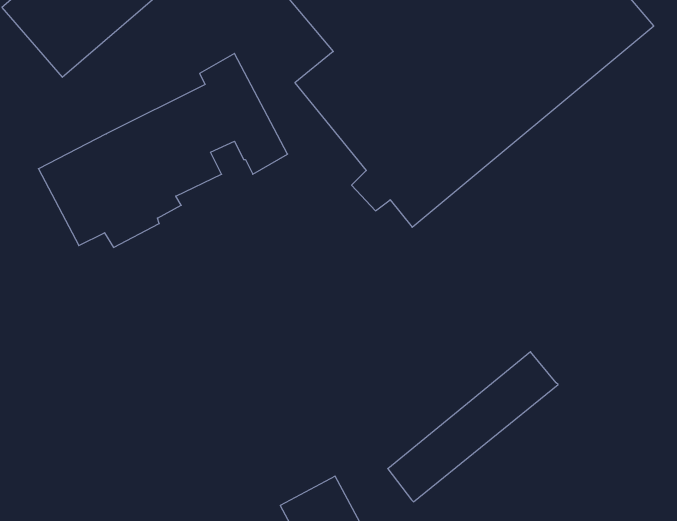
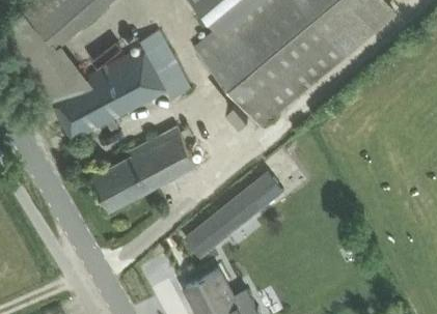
building: none -> [90,124,196,209]
building: [388,352,558,502] -> [185,171,281,256]

